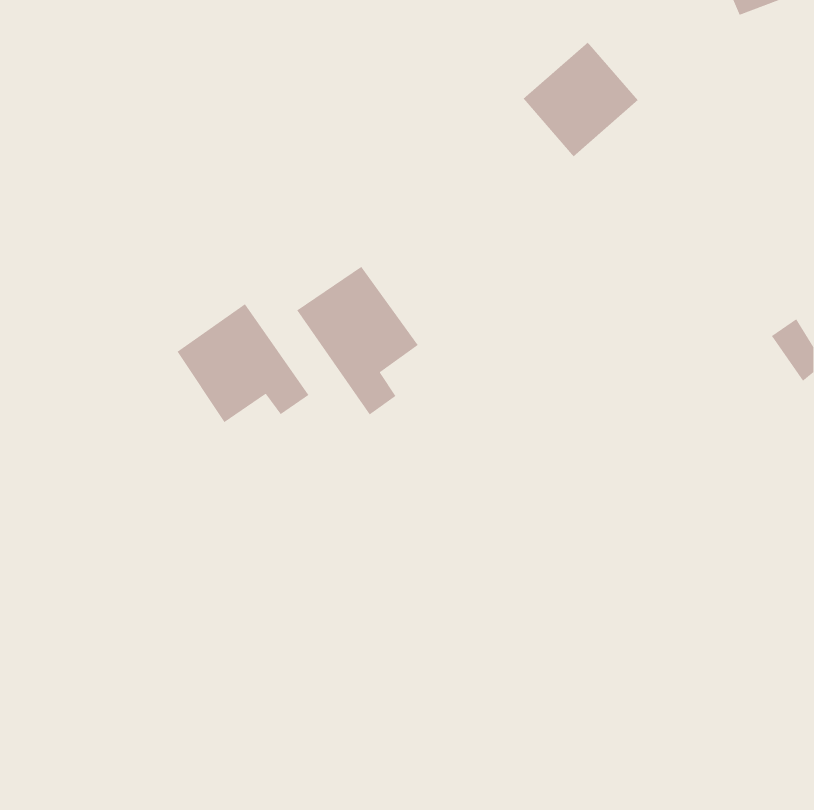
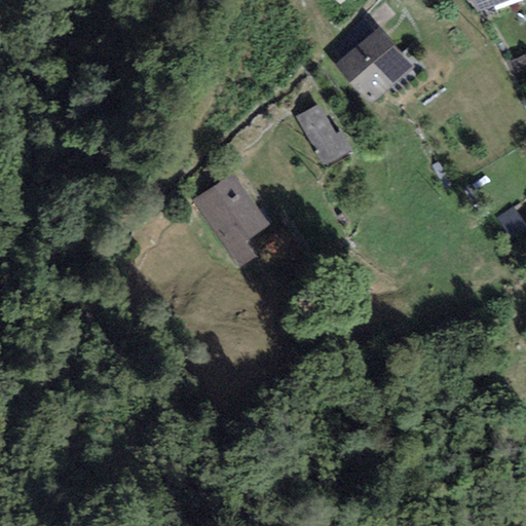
building: none -> [296,102,351,164]
building: [176,303,309,423] -> none

